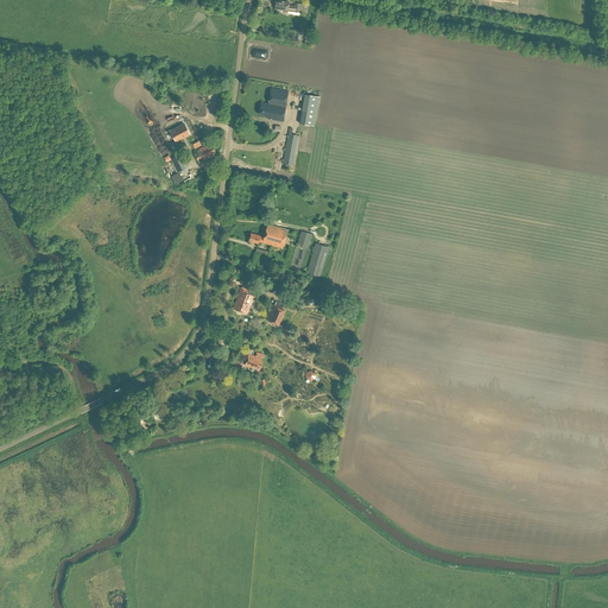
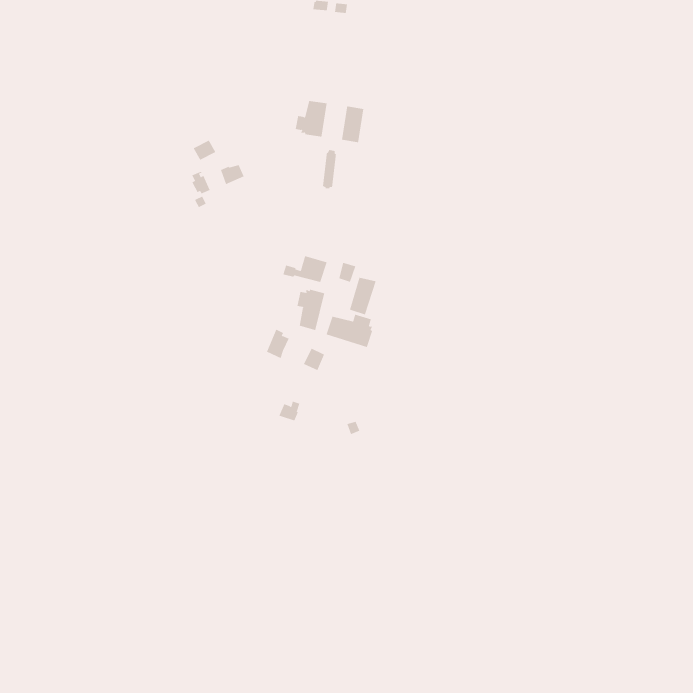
building: none -> [297,289,325,331]
building: none -> [326,314,373,348]

